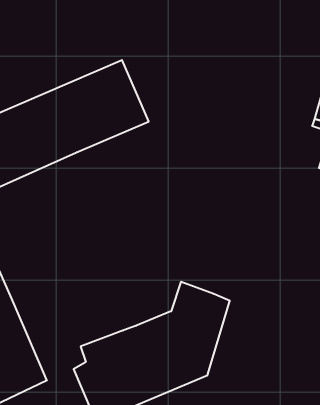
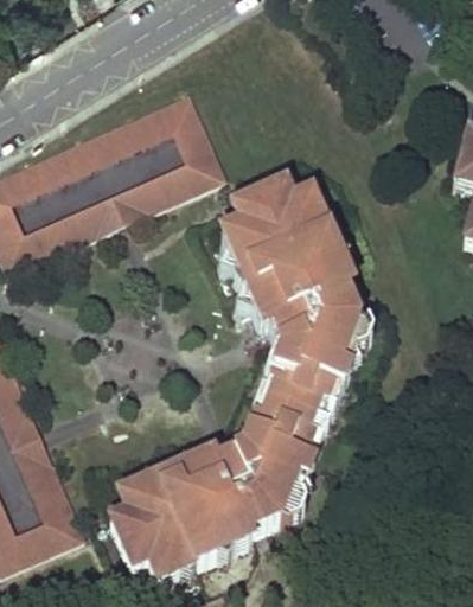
building: none -> [222,180,370,416]

